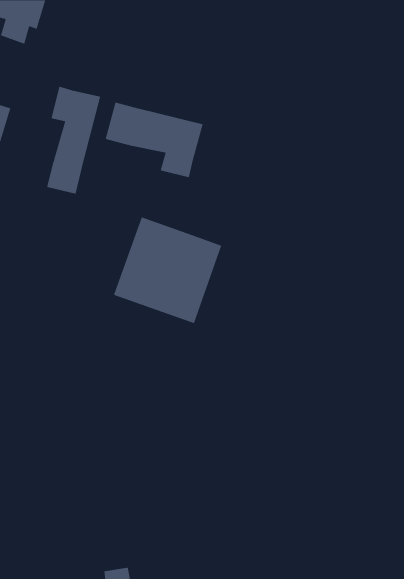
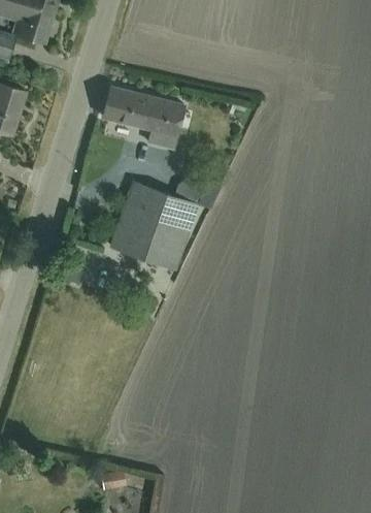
building: [47,86,101,194] -> none

